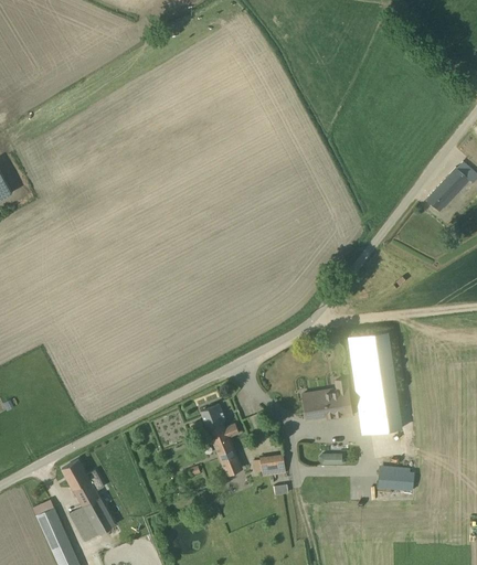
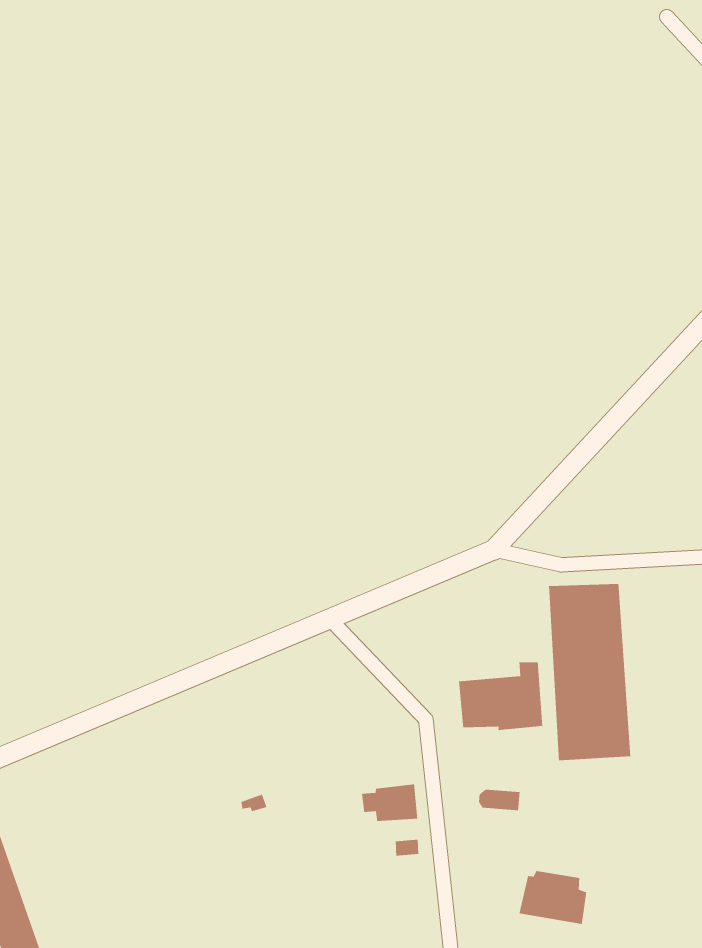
building: [200,404,243,476] -> none
building: [62,460,115,542] -> none
building: [375,462,413,491] -> [519,870,587,925]

